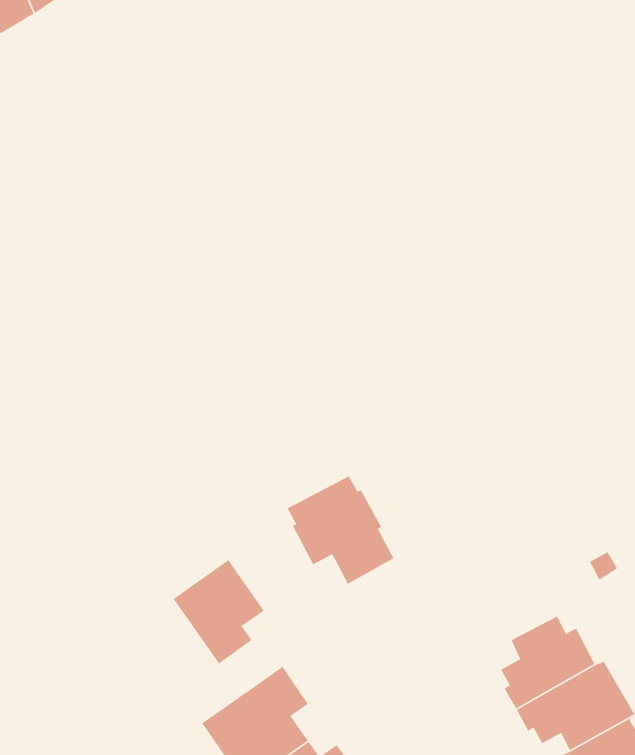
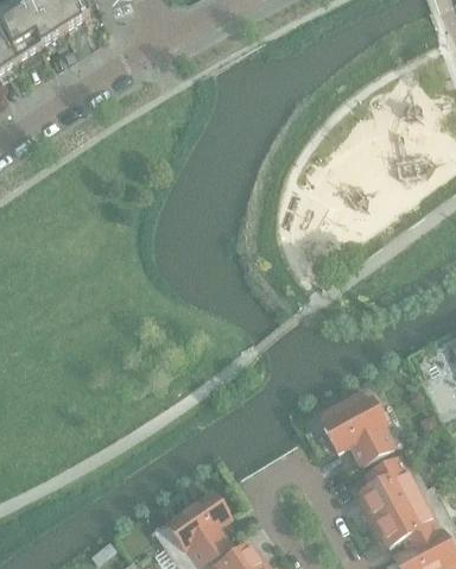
building: [287,475,394,585] -> [322,391,395,466]
building: [173,559,265,664] -> none

